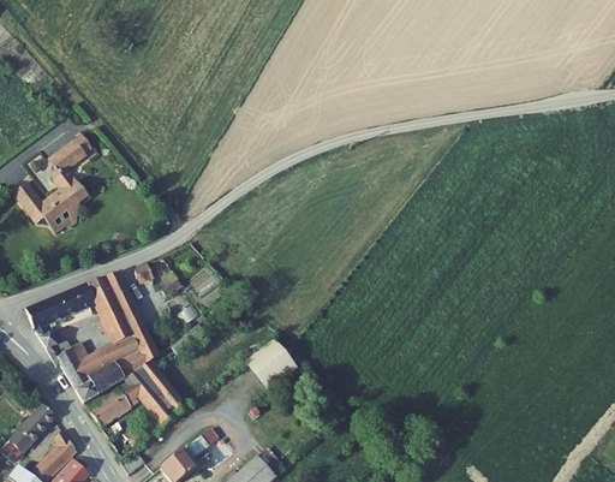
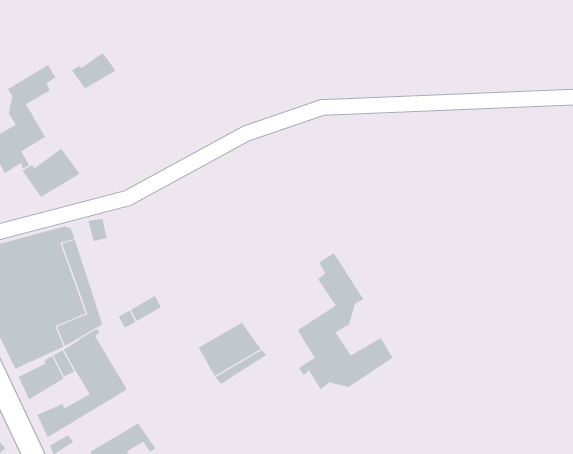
building: none -> [71,52,116,90]
building: none -> [22,148,80,198]
building: none -> [297,252,394,390]

